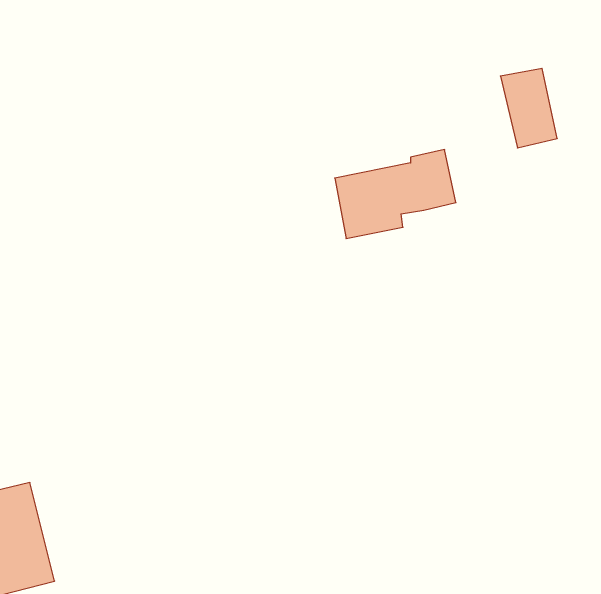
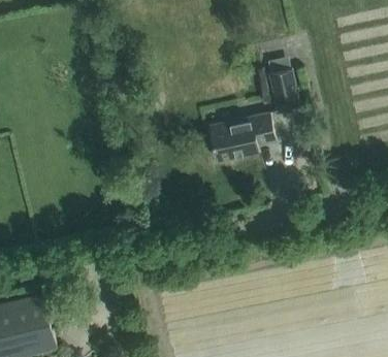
building: [500,68,557,148] -> [267,69,298,112]

